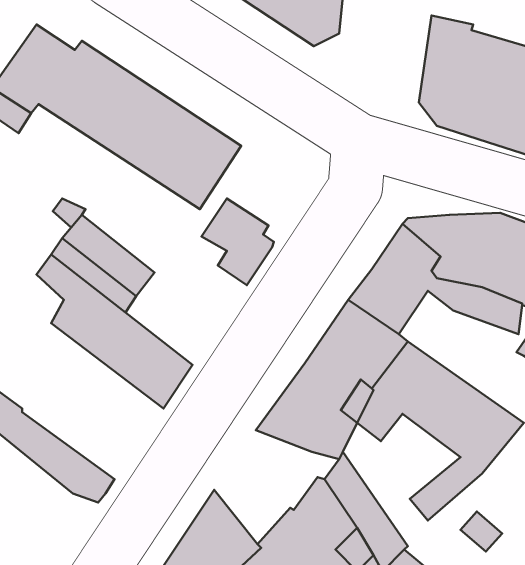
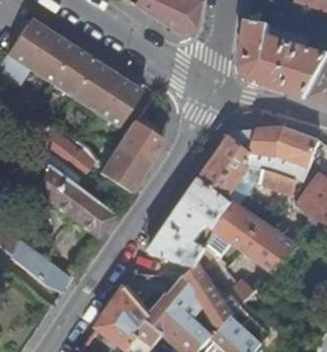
building: none -> [99,141,144,191]

